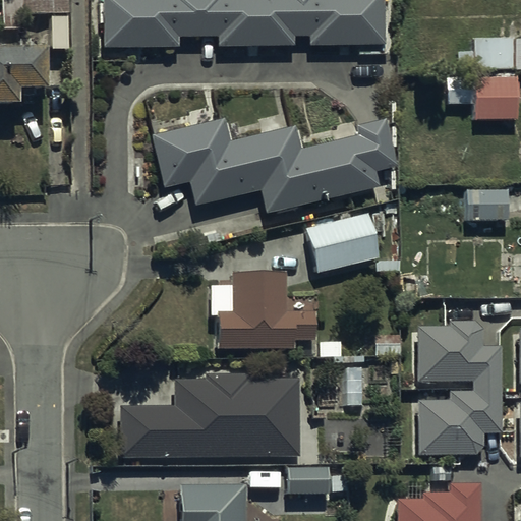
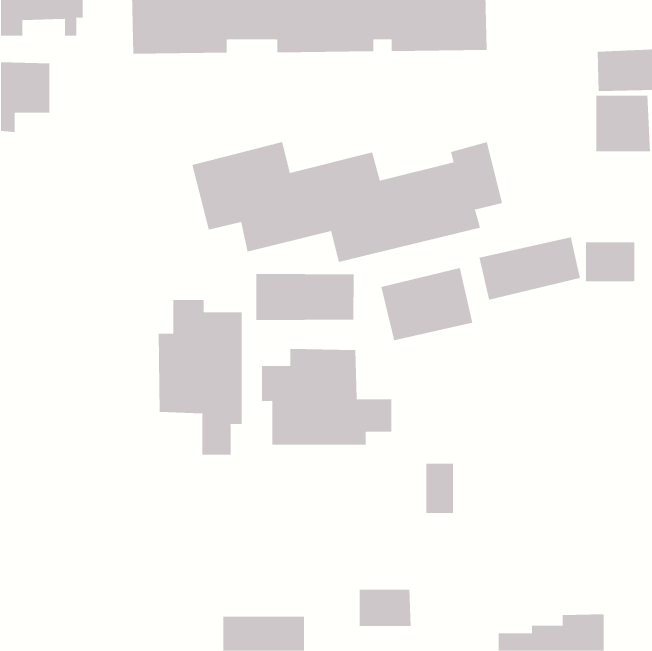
building: none -> [479,236,580,300]
building: none -> [256,273,354,321]
building: none -> [158,299,242,455]
building: [416,324,502,456] -> none
building: [123,374,298,459] -> none

